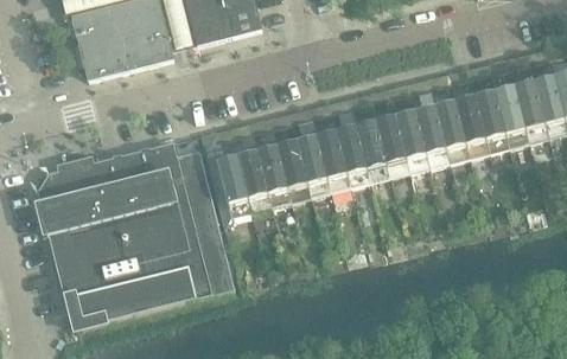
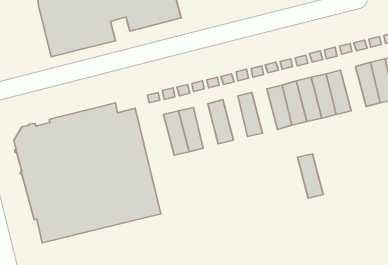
building: [474,91,509,150] -> none
building: [356,121,390,180] -> [297,154,323,198]
building: [317,130,350,190] -> none
building: [278,141,311,200] -> none
building: [206,154,251,226] -> none

